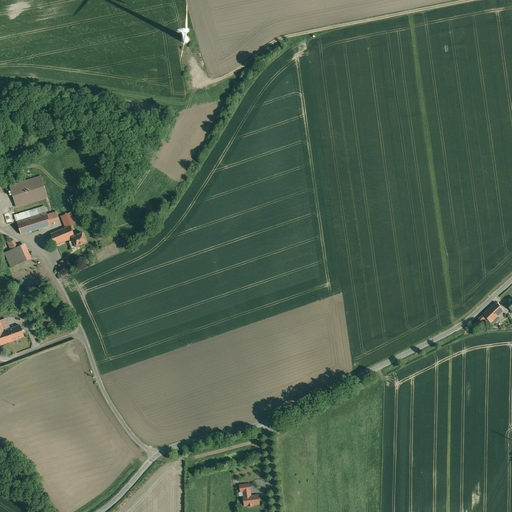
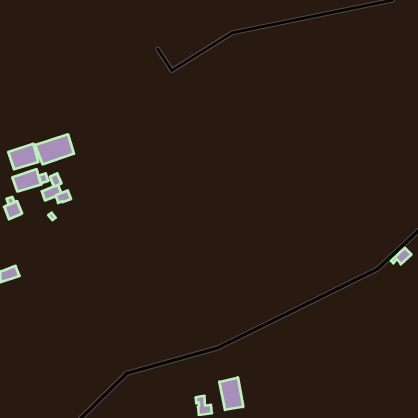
building: none -> [35,134,74,164]
building: none -> [219,377,243,410]

